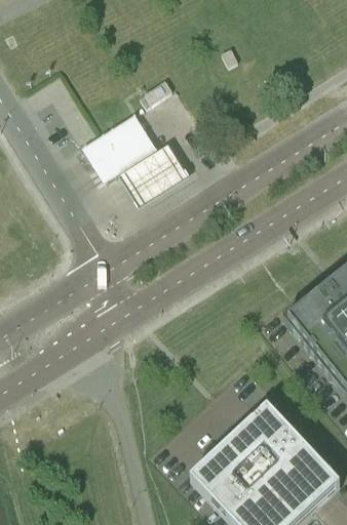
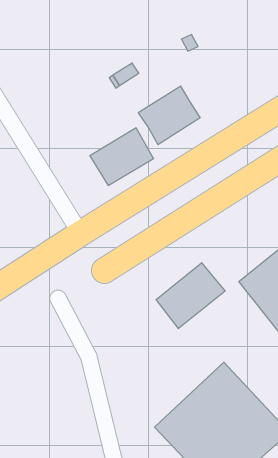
building: [85,111,154,175] -> [138,86,200,144]
building: none -> [156,263,225,329]

